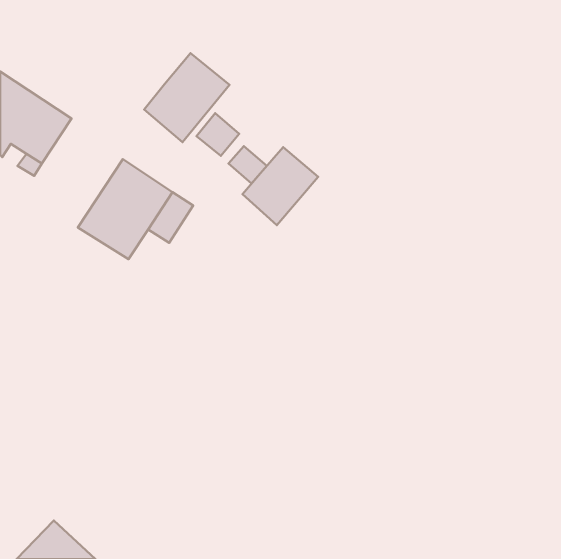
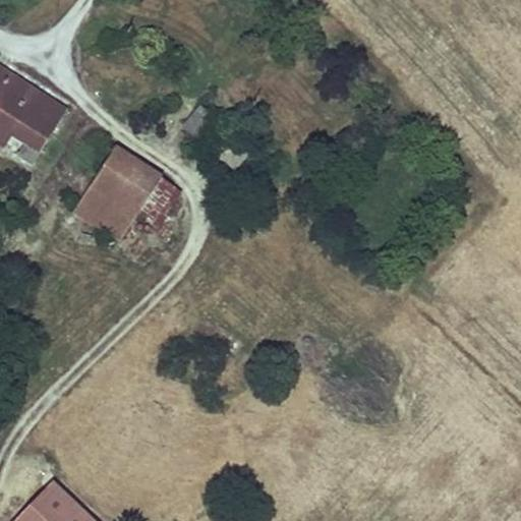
building: [144,53,230,142] -> none
building: [242,147,318,225] -> none

